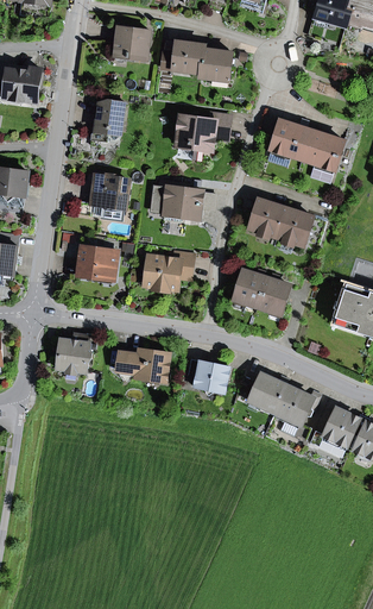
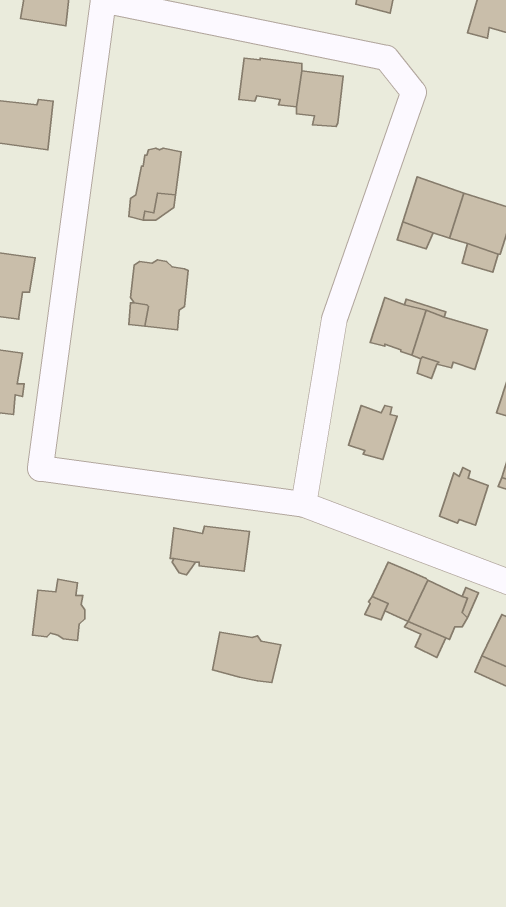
building: [114,26,148,59] -> none
building: [173,112,228,161] -> none
building: [163,187,202,221] -> none
building: [77,246,116,277] -> none
building: [144,251,192,289] -> none
building: [257,274,289,312] -> [439,467,488,525]
building: [56,332,90,372] -> [32,579,85,640]
building: [184,359,229,393] -> [212,632,281,683]

